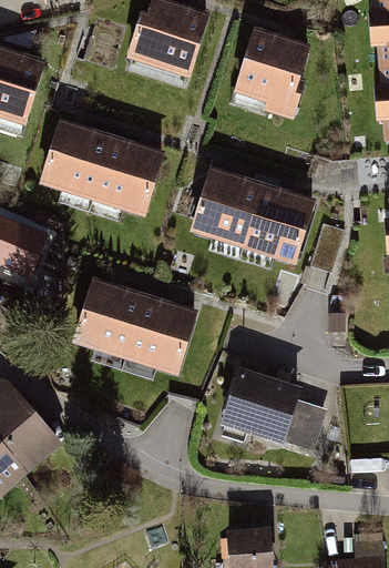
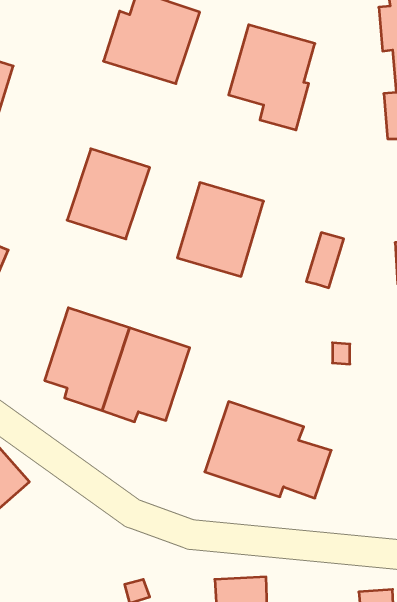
building: [39,120,114,201] -> none
building: [247,184,316,265] -> none

